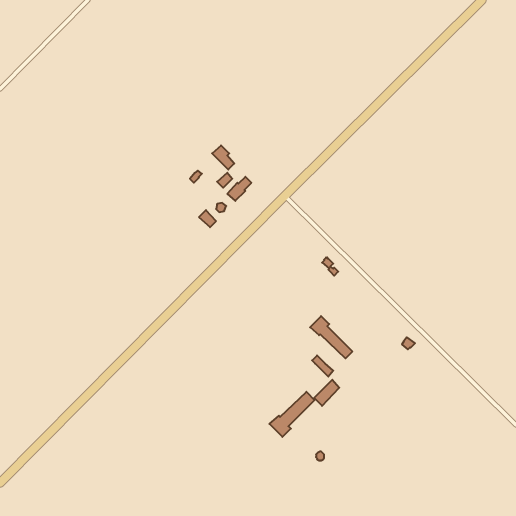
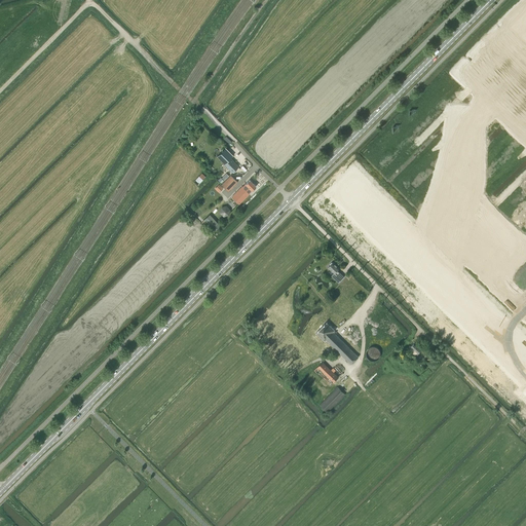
building: [269,392,315,437] -> none

